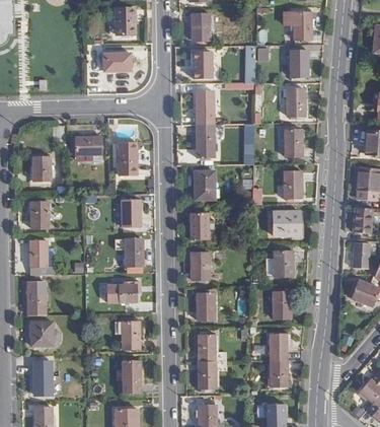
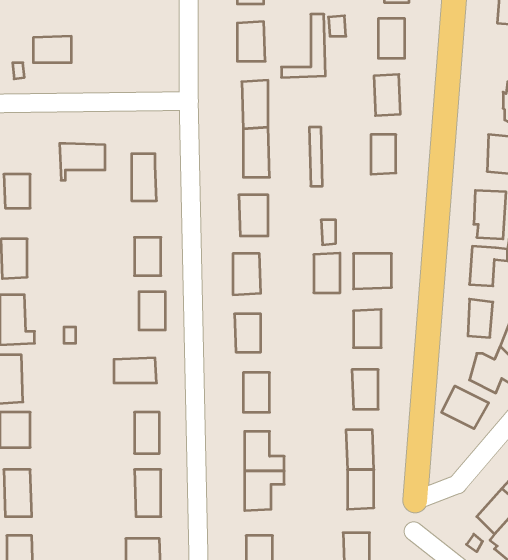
building: [103,52,130,70] -> [33,36,71,63]
building: [283,170,301,198] -> [314,253,340,293]
building: none -> [442,386,489,429]

